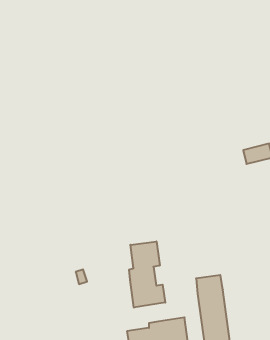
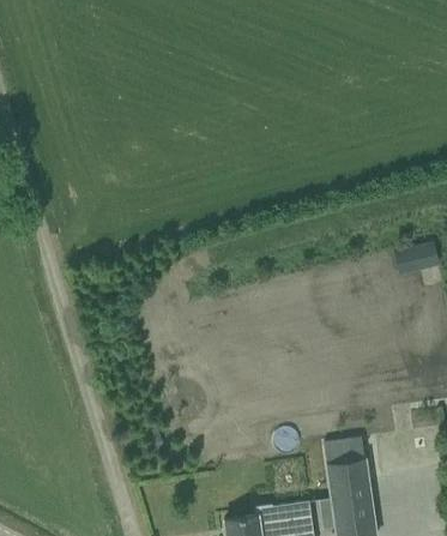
building: [129,241,165,308] -> none

